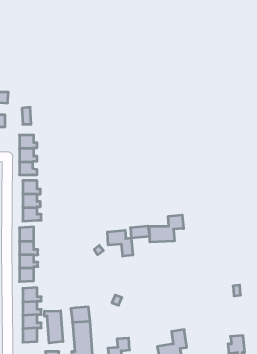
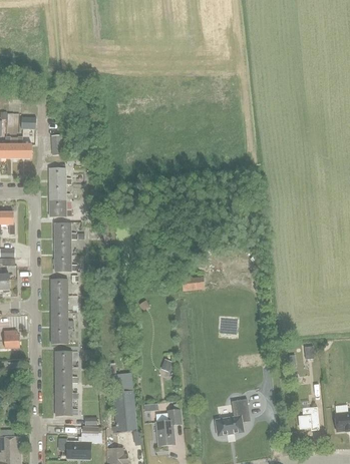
building: [149,215,184,242] -> none
building: [107,230,133,256] -> none
building: [45,311,63,343] -> none

